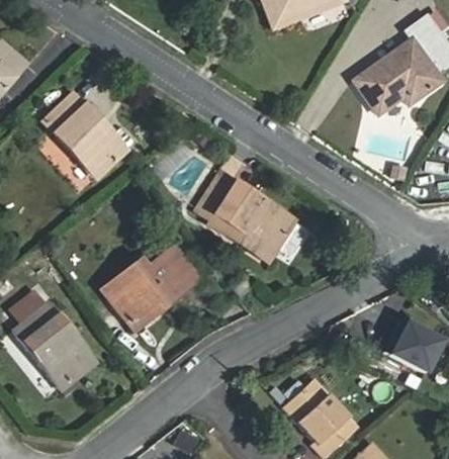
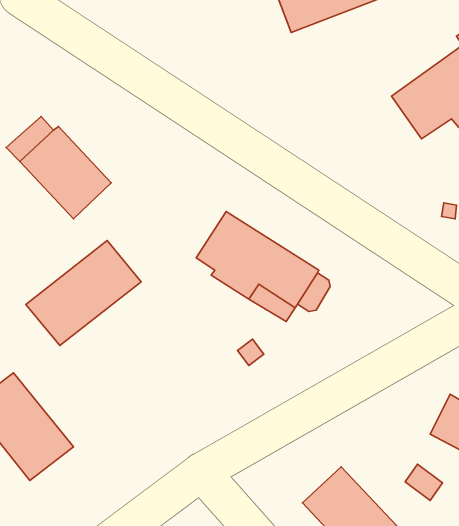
building: [107,246,200,331] -> [26,241,141,346]

